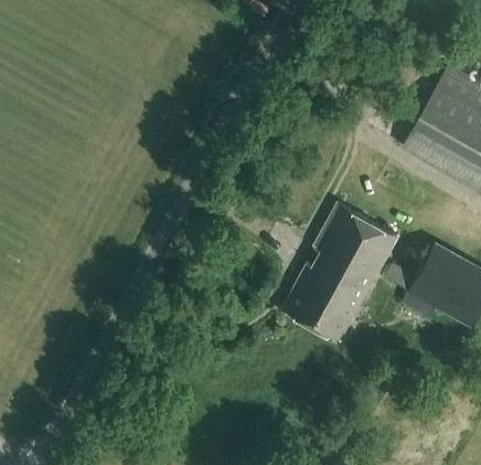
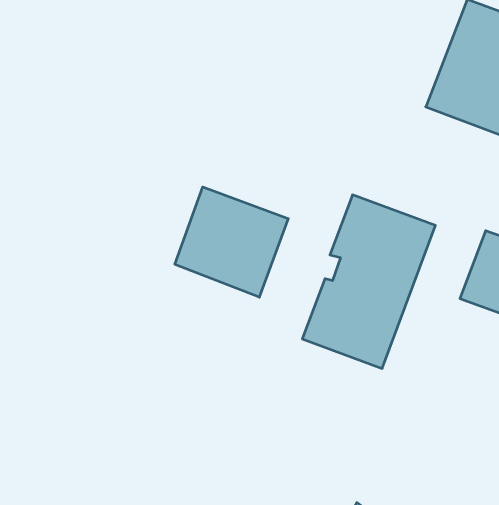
building: none -> [175,187,288,297]

